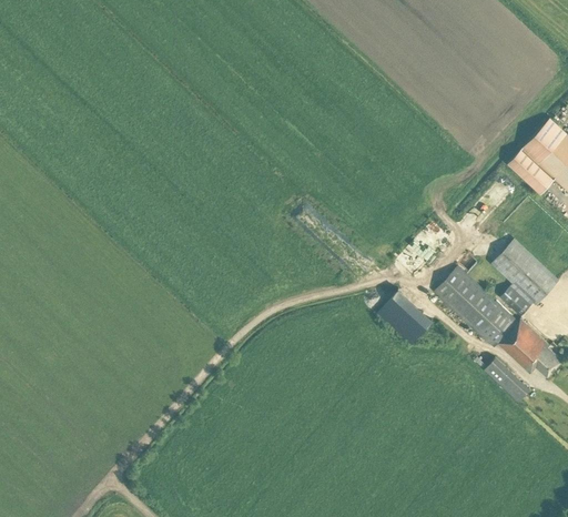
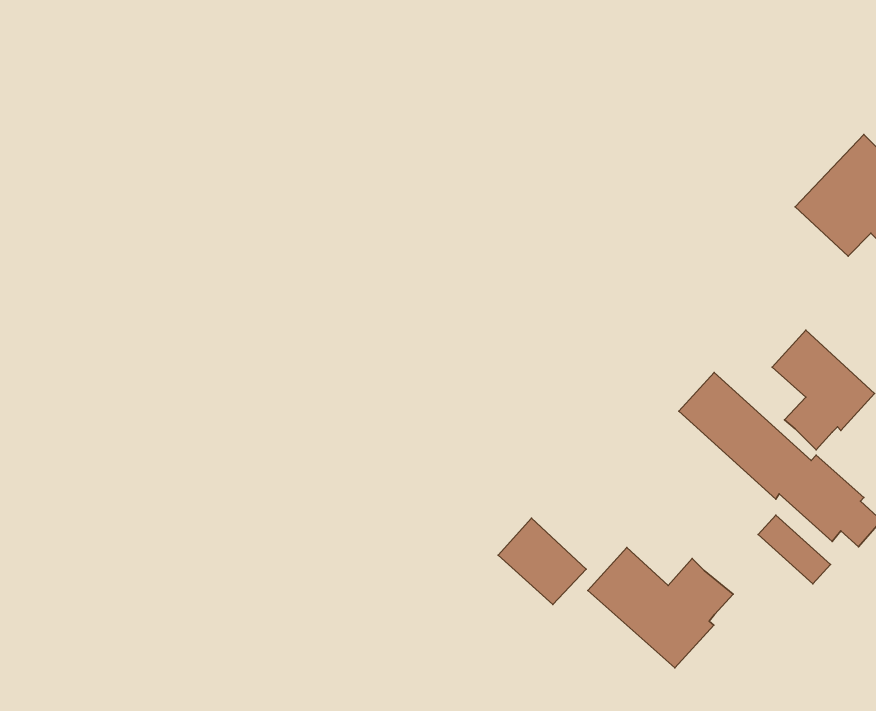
building: [377,288,433,343] -> [498,518,586,604]
building: none -> [588,548,733,668]

